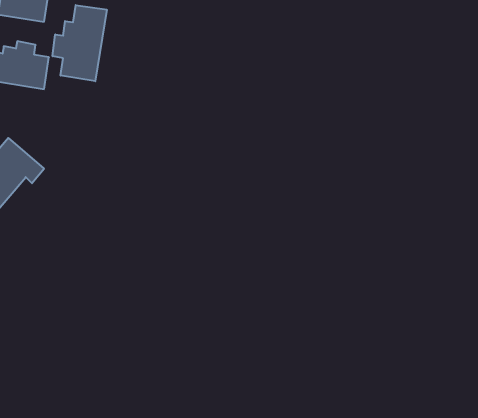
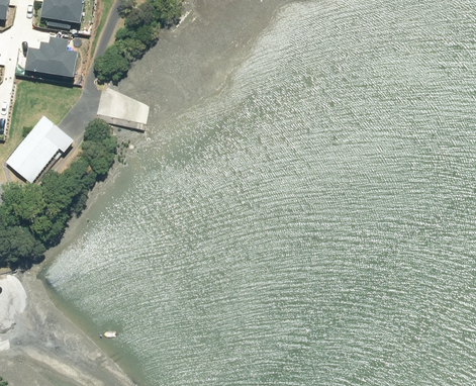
building: [53,5,107,81] -> none

